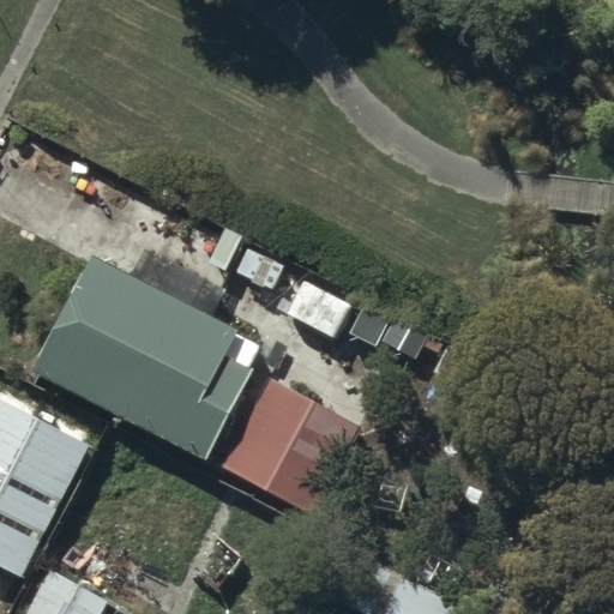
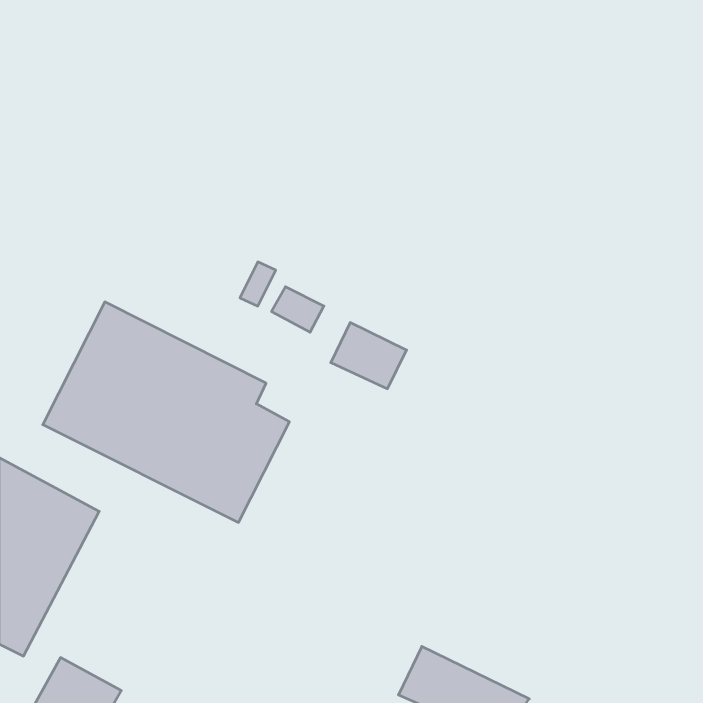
building: [225,383,357,510] -> none

